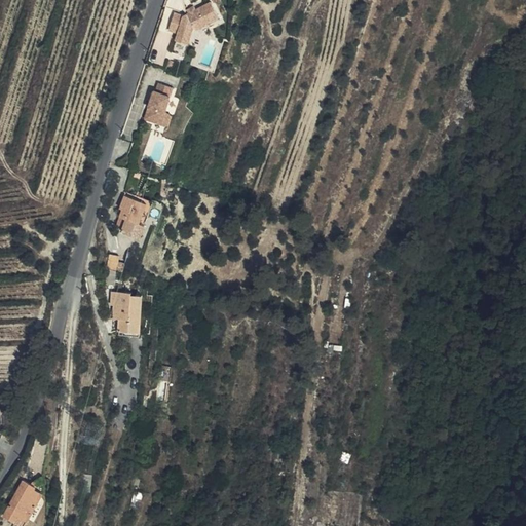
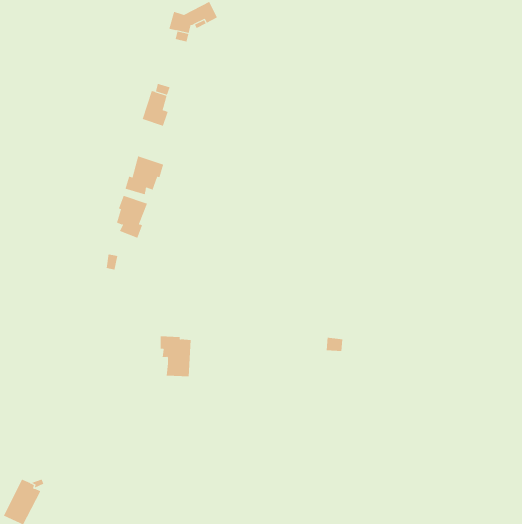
building: none -> [125,156,164,195]
building: [110,292,142,333] -> [160,336,192,377]

